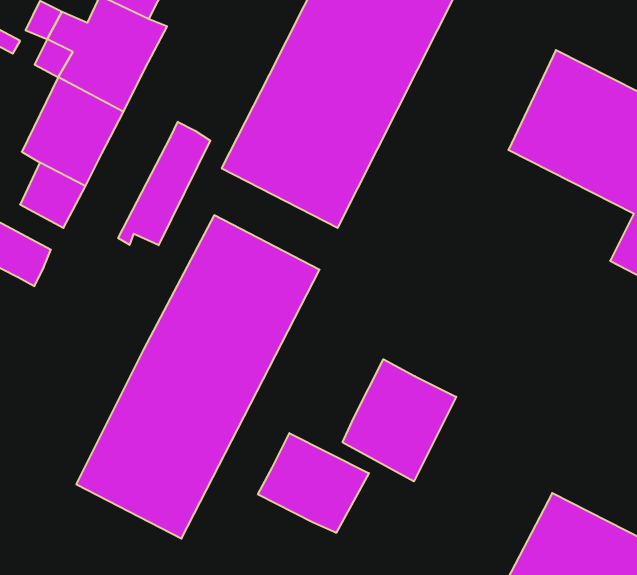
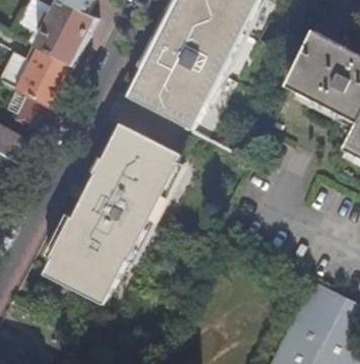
building: [118,122,210,245] -> none
building: [343,359,456,481] -> none
building: [258,433,369,533] -> none

